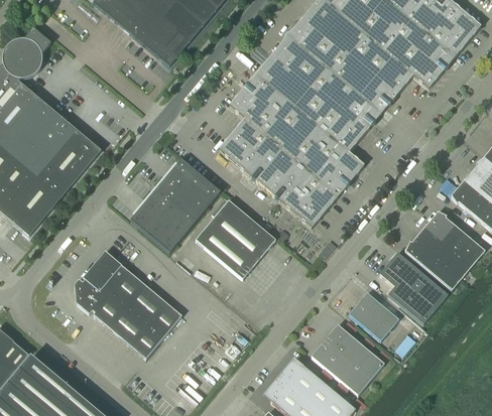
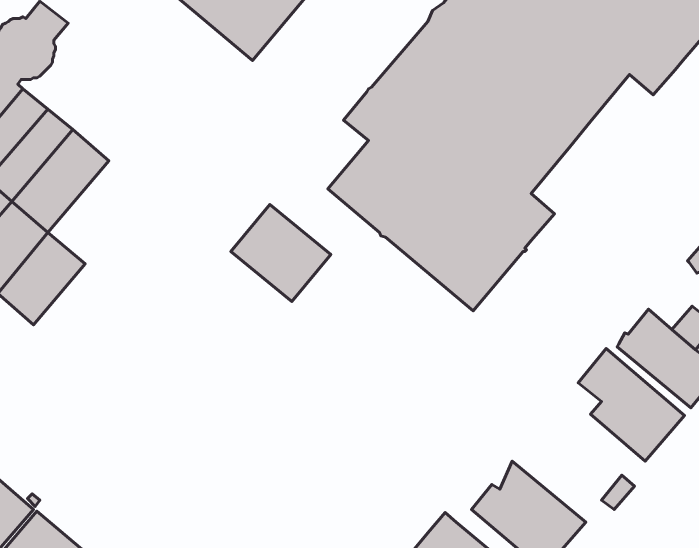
building: [37,130,101,196] -> none
building: [130,188,195,252] -> none
building: [195,199,275,278] -> none
building: [424,211,453,239] -> none
building: [74,250,181,358] -> none
building: [348,291,398,339] -> none

